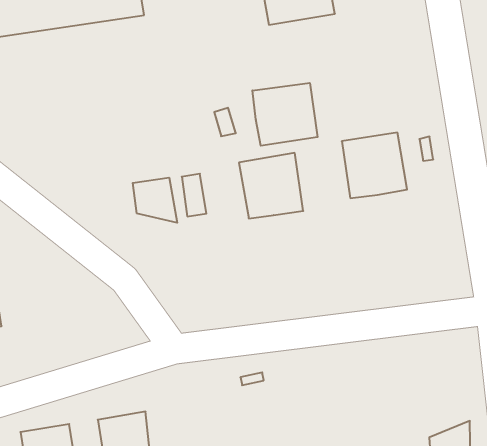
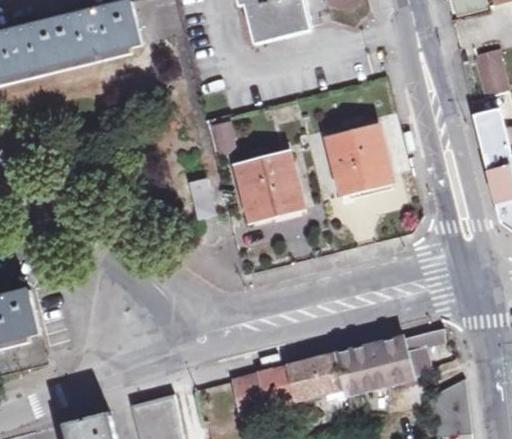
building: [252,83,318,146] -> none
building: [133,178,177,223] -> none
building: none -> [233,328,445,413]

